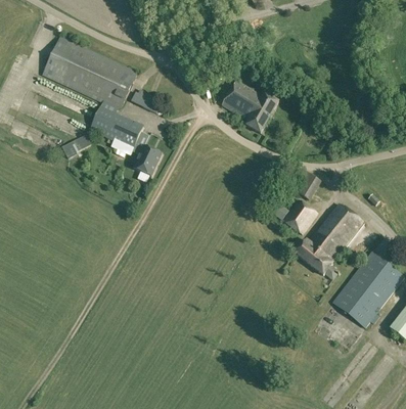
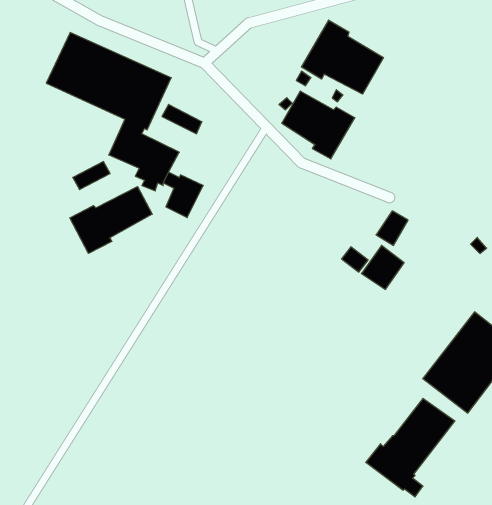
building: none -> [301,20,383,94]
building: none -> [70,187,152,253]
building: [296,203,364,279] -> [366,398,455,497]

